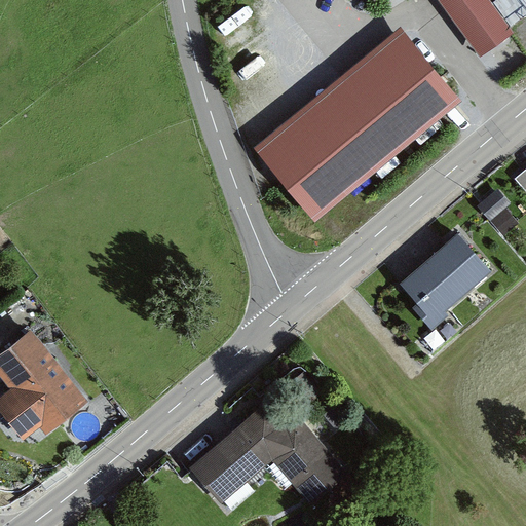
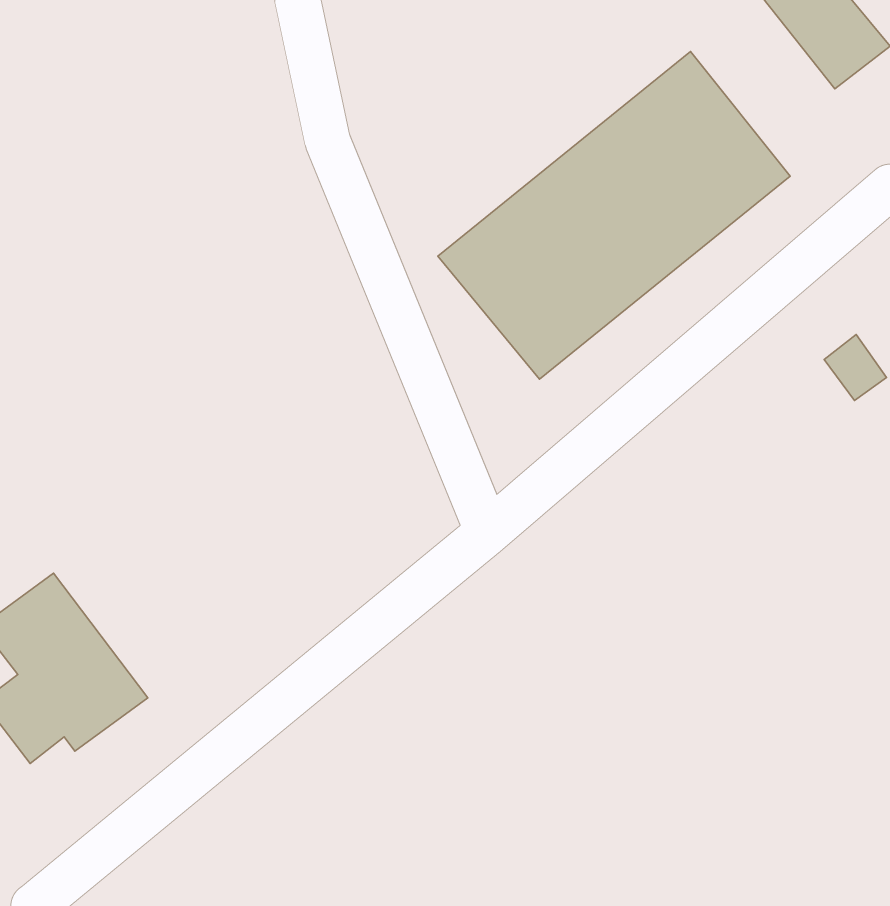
building: [401,234,490,322] -> none
building: [191,398,343,511] -> none

